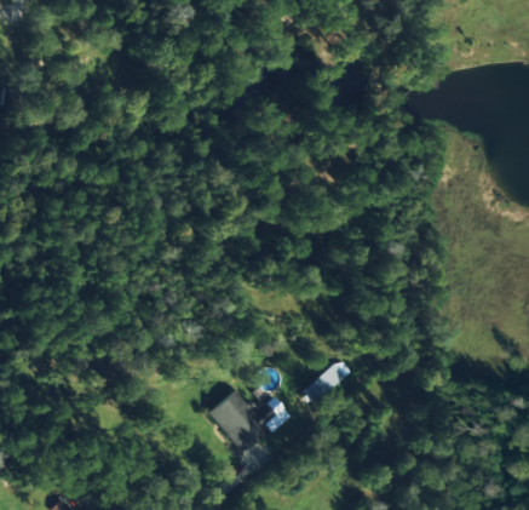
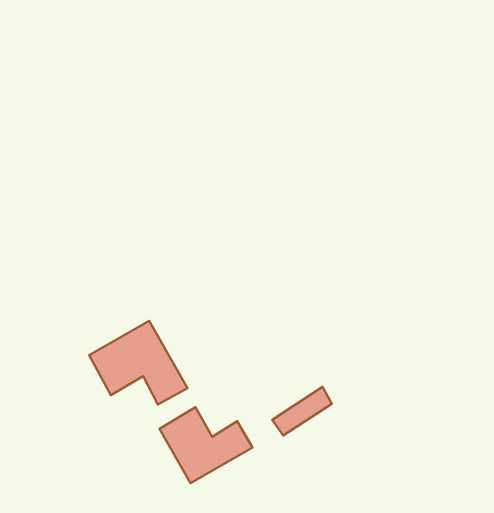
building: none -> [89,321,188,405]

